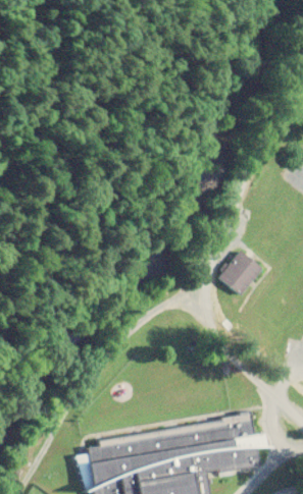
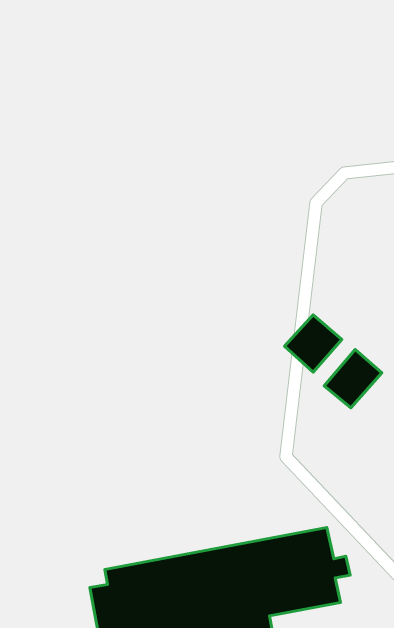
building: none -> [324,350,382,408]

